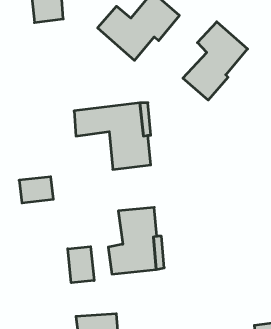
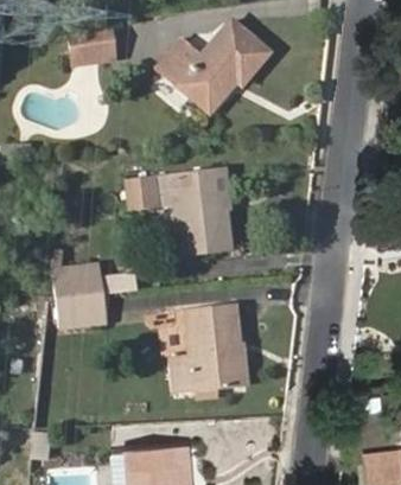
building: [183,22,248,100] -> none
building: none -> [58,294,102,327]
building: [68,247,94,283] -> none

